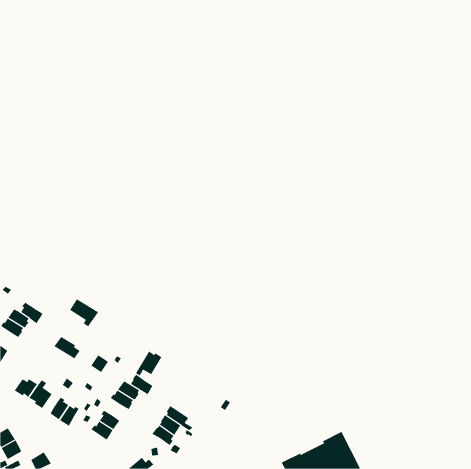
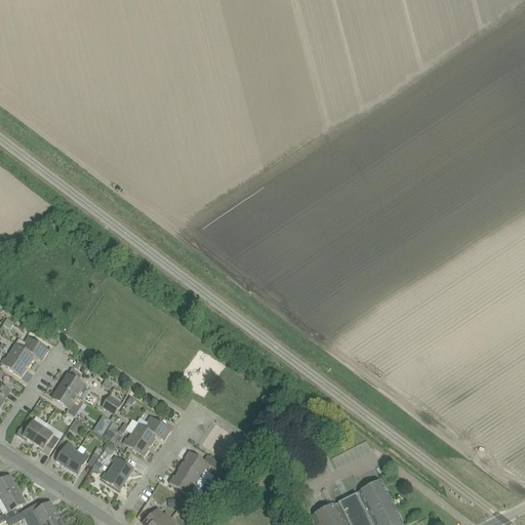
building: [69,299,99,327] -> [51,385,84,416]
building: [135,351,162,377] -> none

